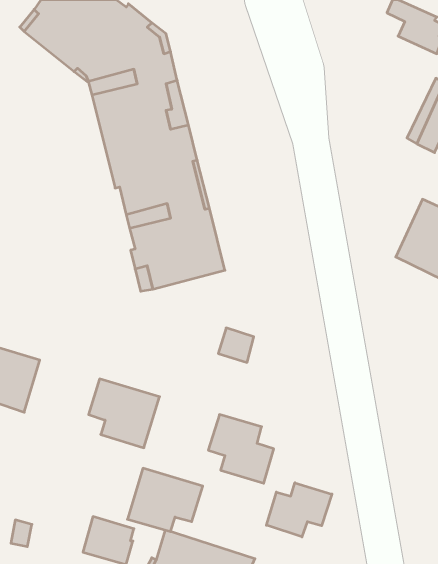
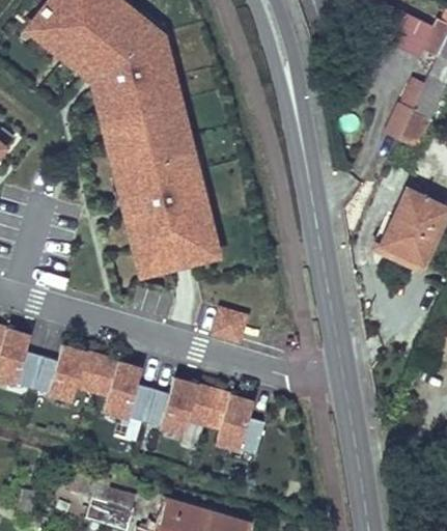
building: none -> [32,339,103,399]
building: [127,468,203,532] -> [144,373,215,432]
building: [266,483,332,537] -> none

